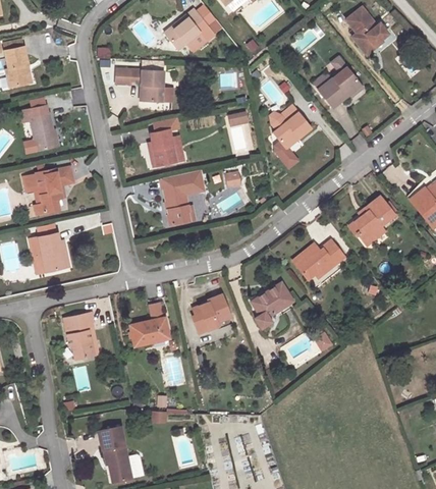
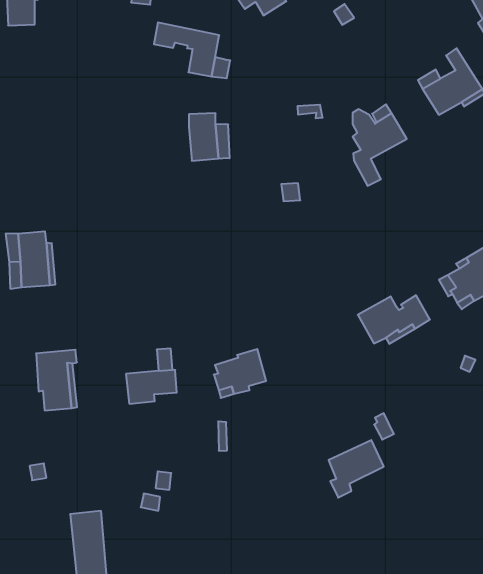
building: [22,100,58,146] -> none
building: [23,162,73,209] -> none
building: [160,168,203,224] -> none
building: [250,284,290,329] -> [329,440,384,498]

